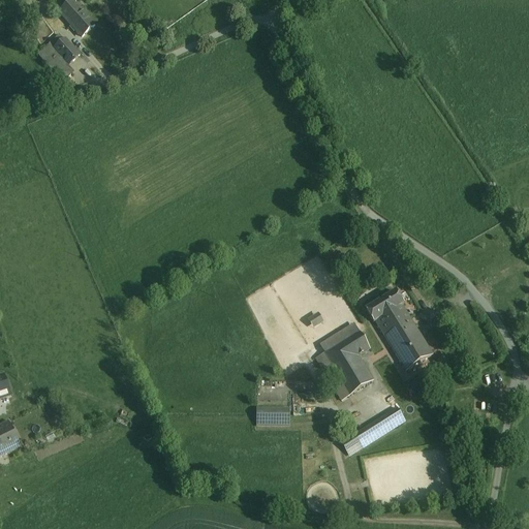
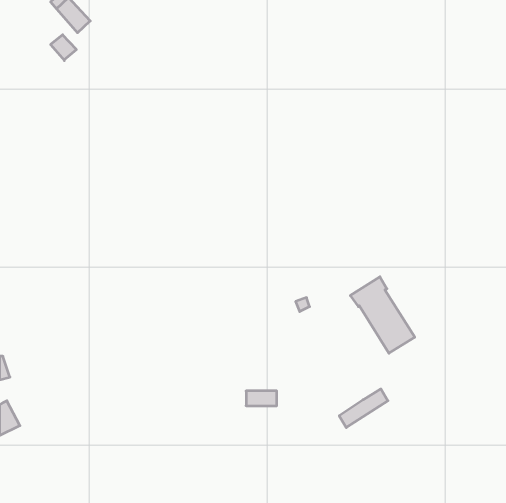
building: [37,42,71,80] -> none
building: [315,321,372,398] -> none

